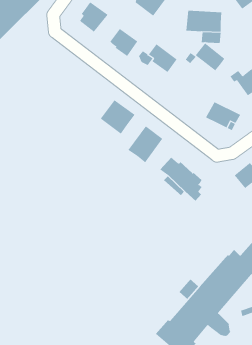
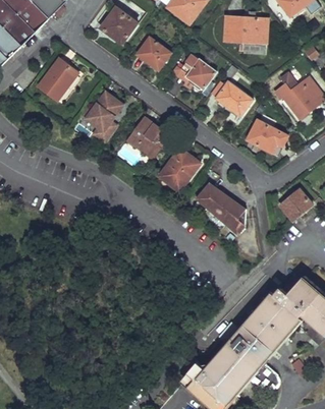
building: [195,43,225,71] -> [217,82,252,115]
building: none -> [38,60,83,103]
building: none -> [87,92,123,133]

